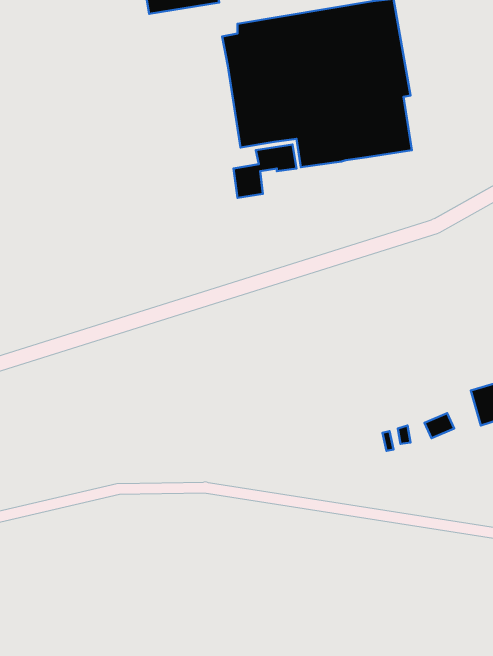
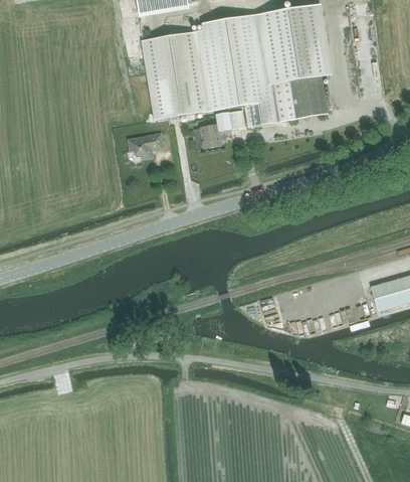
building: none -> [144,31,205,119]
building: none -> [129,133,163,157]

